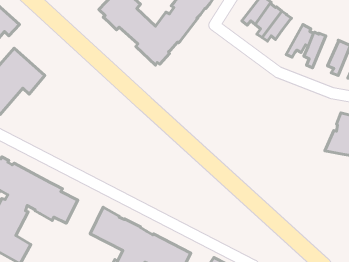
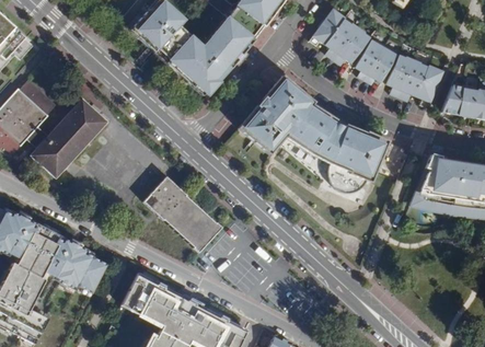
building: none -> [357,38,385,82]
building: none -> [397,59,429,102]
building: none -> [239,76,393,196]
building: none -> [26,96,106,180]
building: none -> [140,176,221,253]

